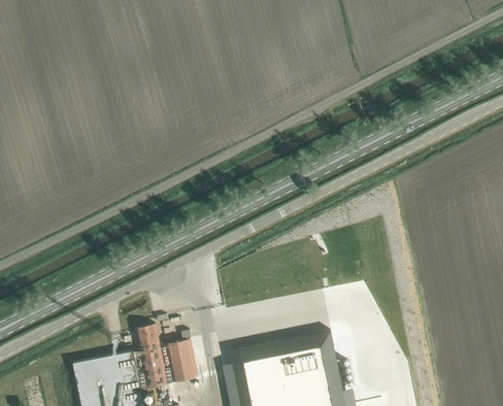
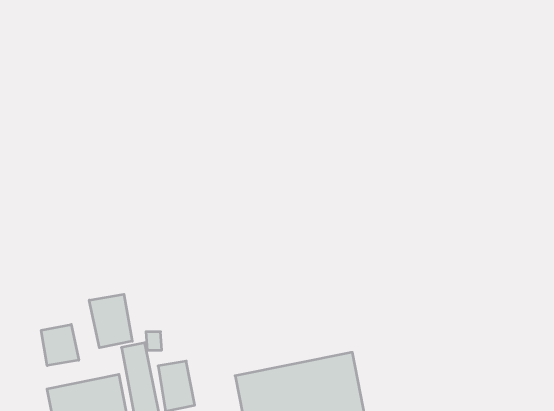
building: none -> [89,294,132,348]
building: none -> [41,324,79,366]

